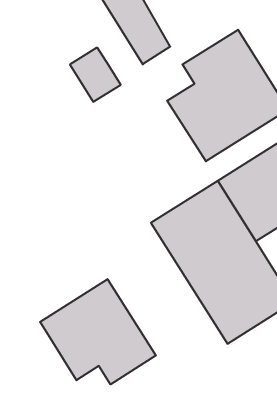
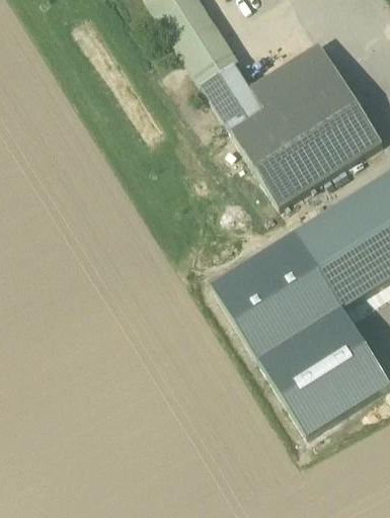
building: [70,48,121,102] -> [202,64,265,132]
building: [40,279,156,384] -> none

